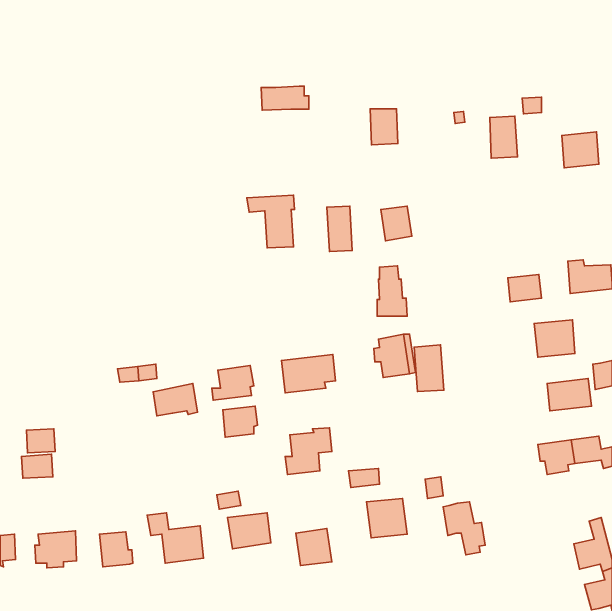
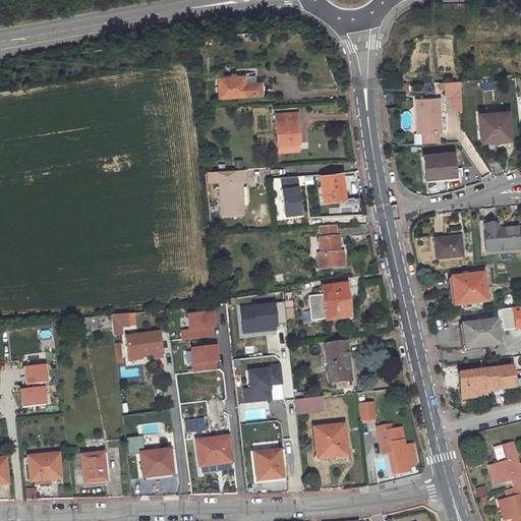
building: [370,109,398,145] -> [279,112,302,142]
building: none -> [424,153,458,179]
building: [414,345,444,391] -> [329,344,354,384]

